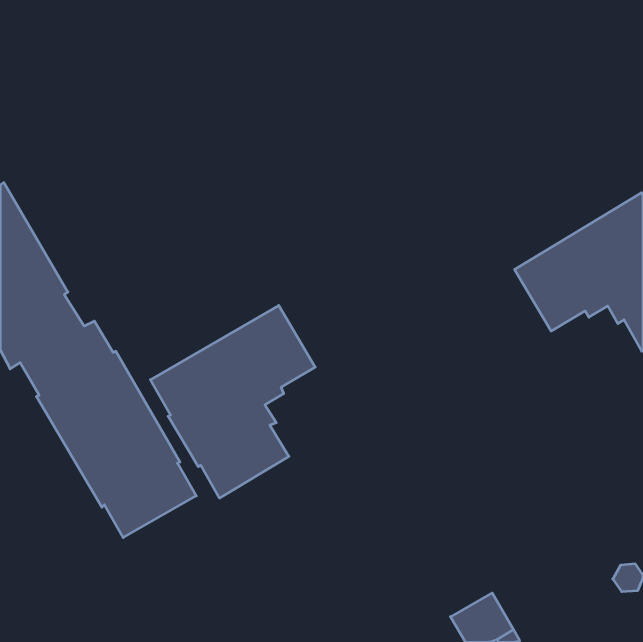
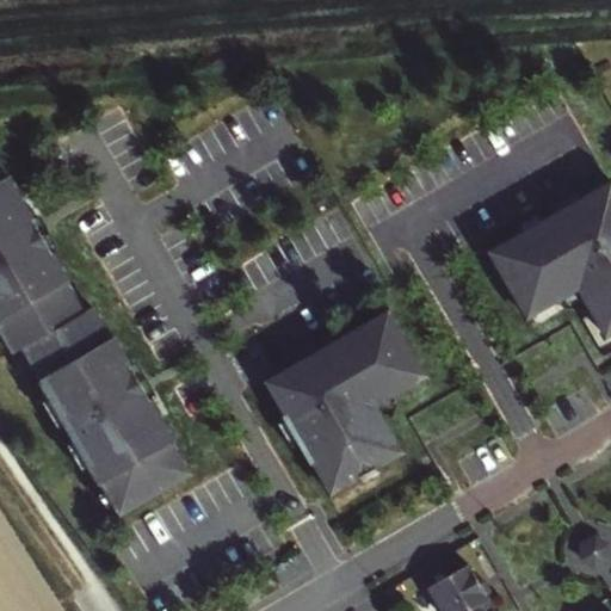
building: [150,305,315,498] -> [265,315,421,498]

